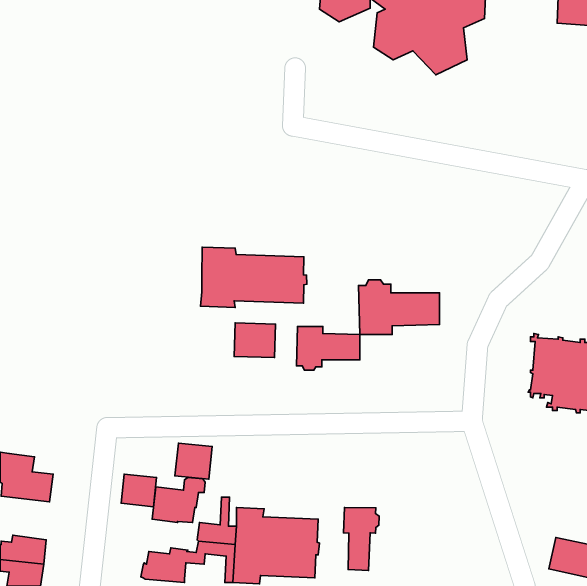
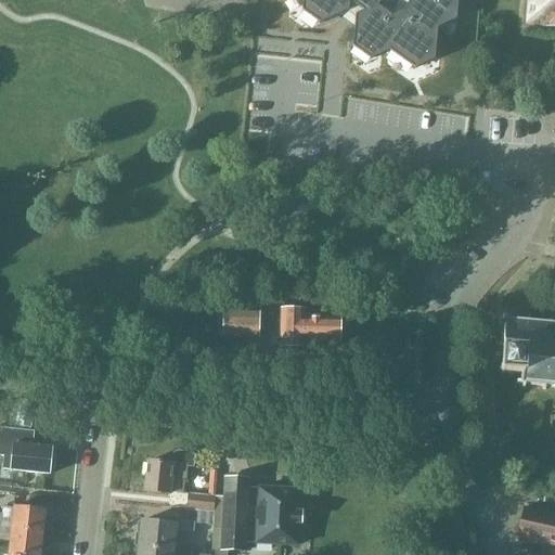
building: [200,247,307,307] -> none
building: [358,280,439,335] -> none
building: [175,443,212,479] -> none
building: [121,474,157,507] -> none
building: [343,508,379,571] -> none

